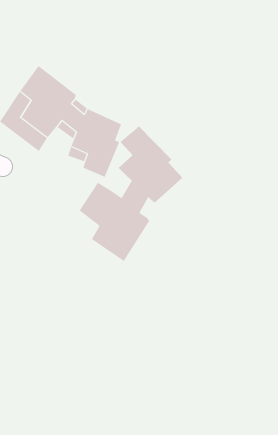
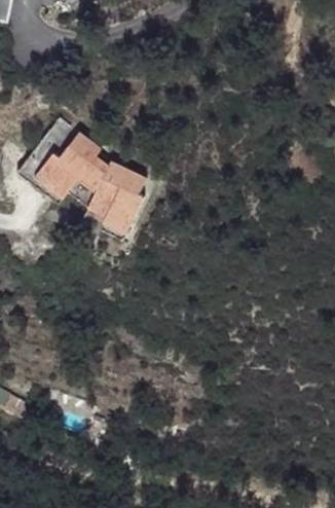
building: [79,126,183,262] -> none

